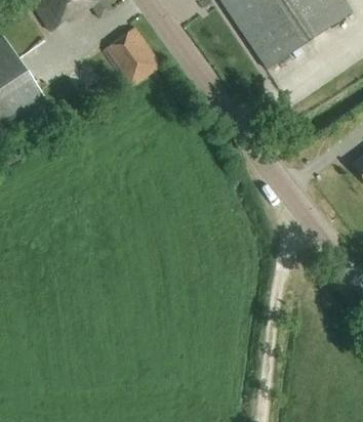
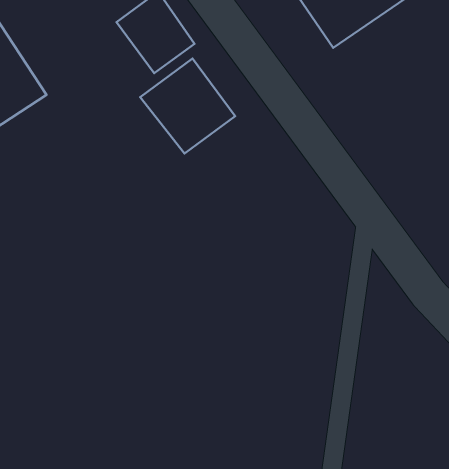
building: none -> [140,58,235,154]

